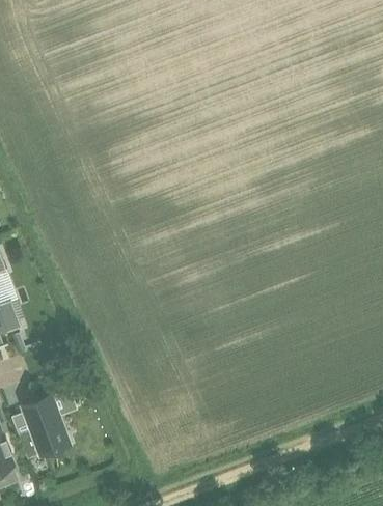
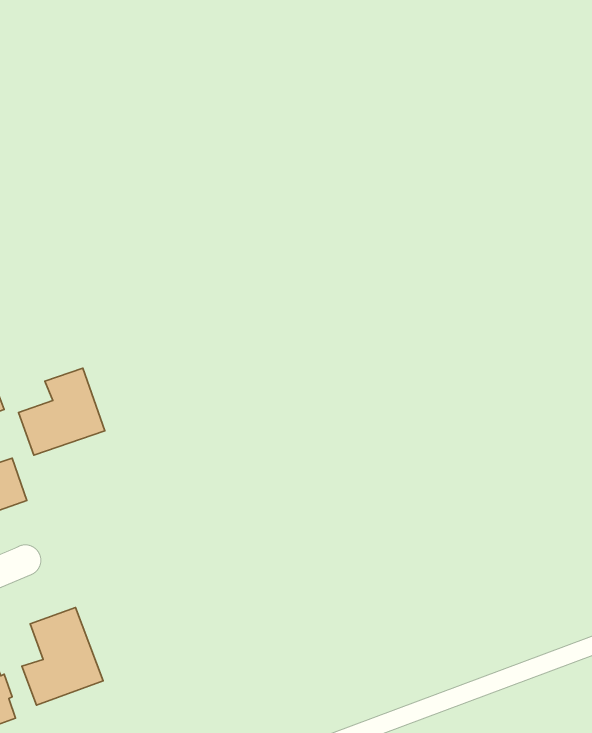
building: none -> [18,368,105,455]

